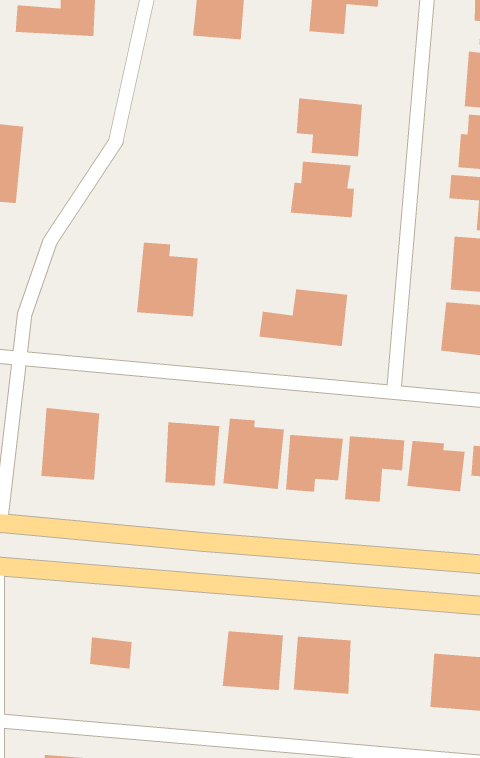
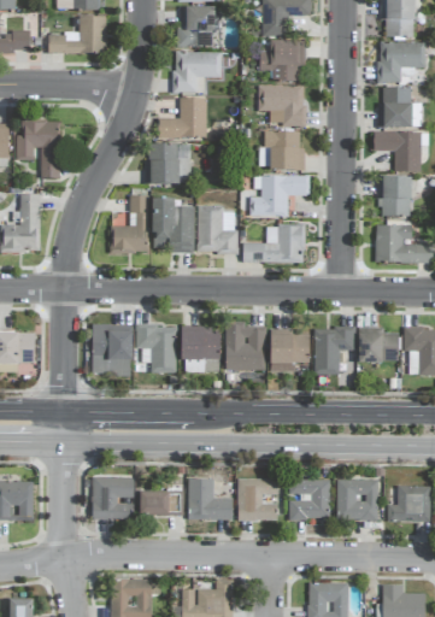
building: none -> [259,41,305,82]
building: none -> [174,52,223,93]
building: none -> [159,98,206,139]
building: none -> [145,143,189,186]
building: none -> [249,176,310,216]
building: none -> [110,195,148,253]
building: none -> [198,206,236,253]
building: none -> [137,325,177,372]
building: none -> [90,474,134,517]
building: none -> [187,476,231,518]
building: none -> [333,477,376,518]

